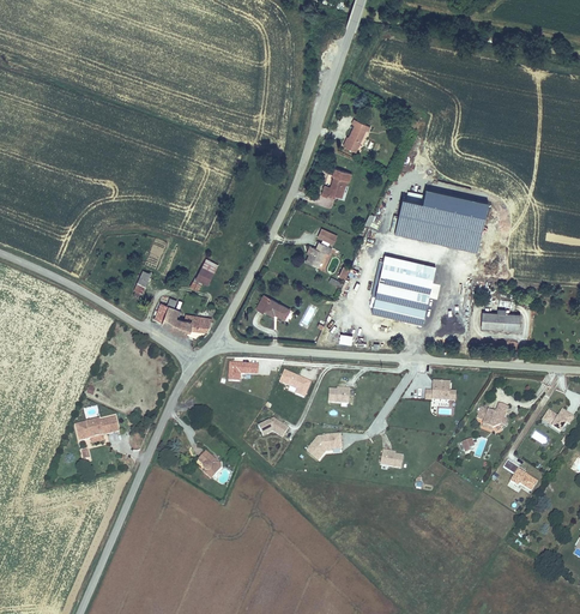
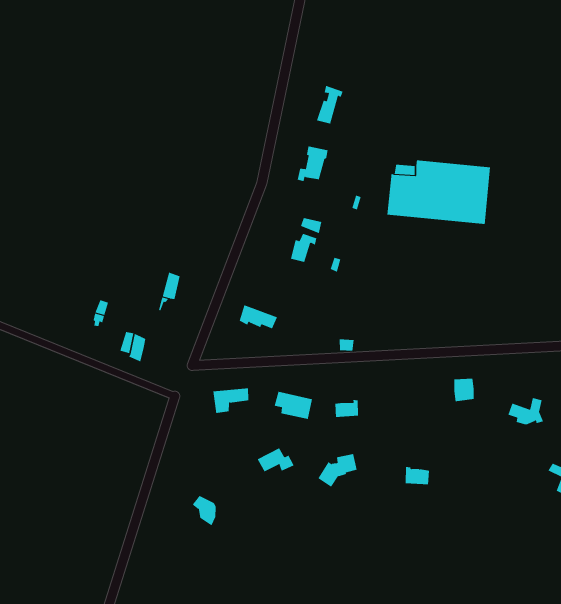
building: [370,254,435,324] -> none
building: [481,311,520,331] -> none
building: [170,314,211,335] -> none
building: [75,421,119,444] -> none

